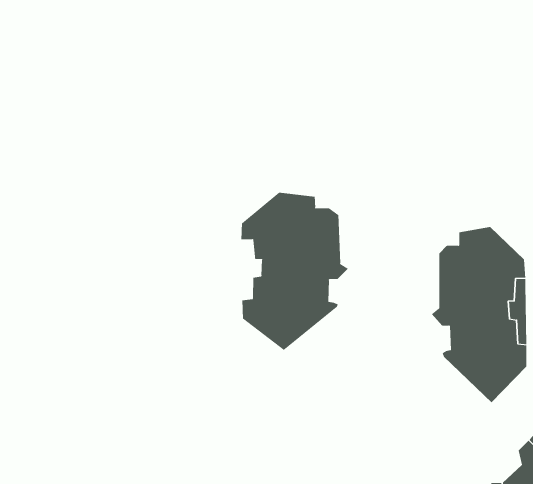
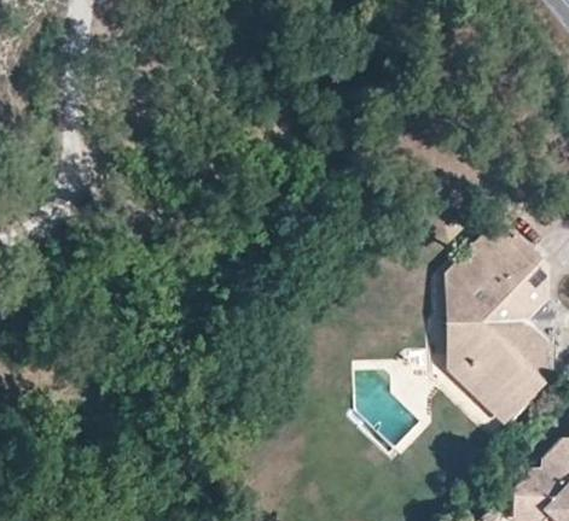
building: [241,192,349,351] -> none
building: none -> [447,262,513,422]

